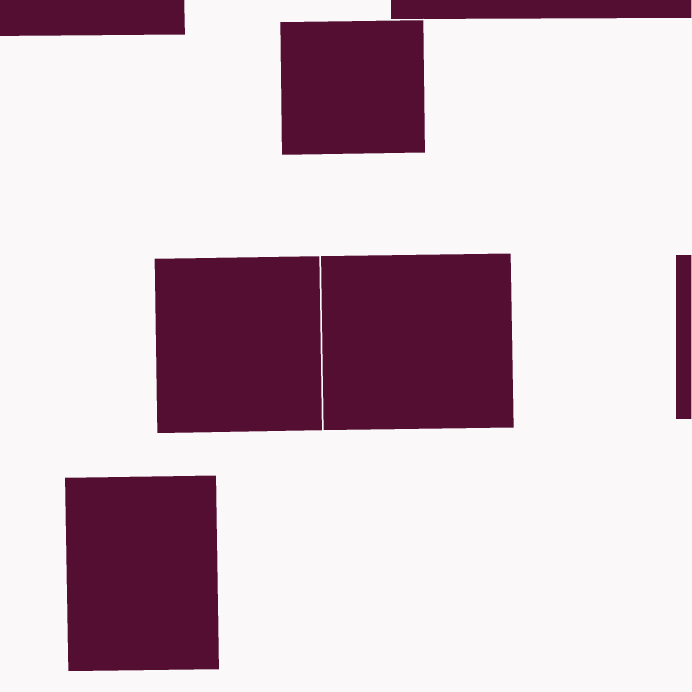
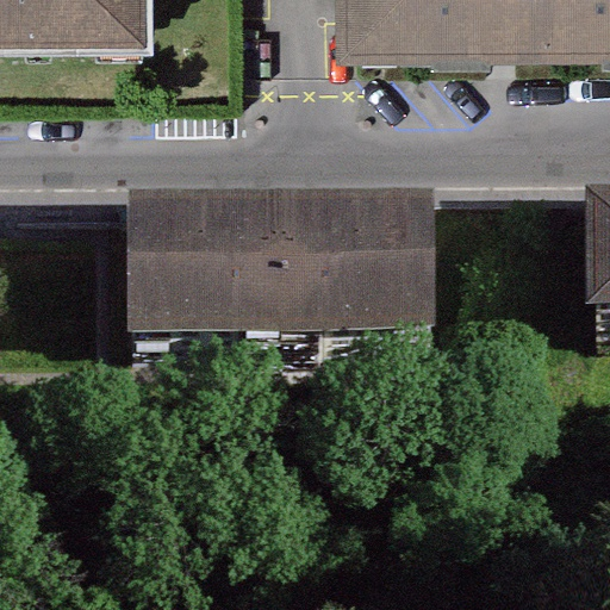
building: [280,19,426,155] -> none
building: [65,475,220,672] -> none

